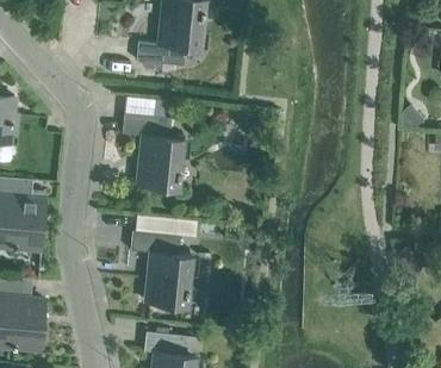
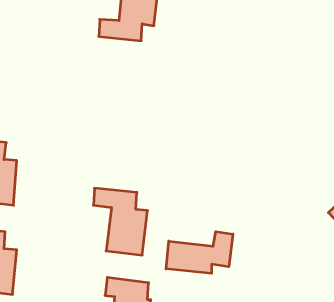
building: [122,113,182,188] -> none
building: none -> [166,232,233,273]

